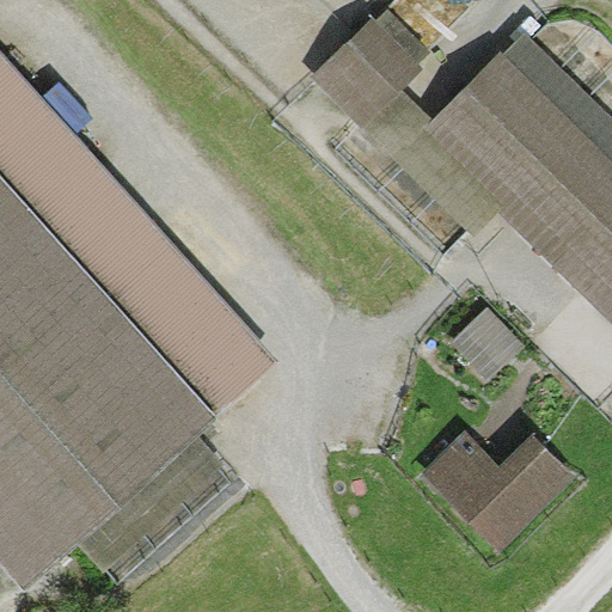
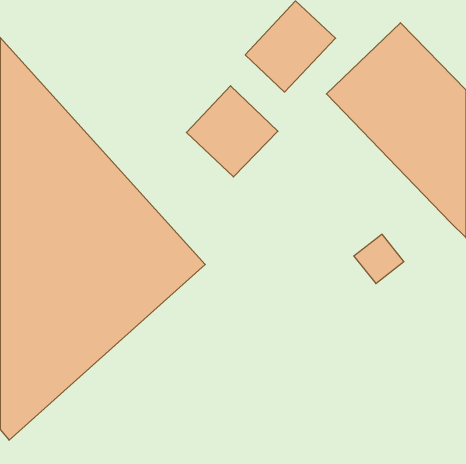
building: none -> [186,86,278,177]
building: [415,435,571,559] -> none

